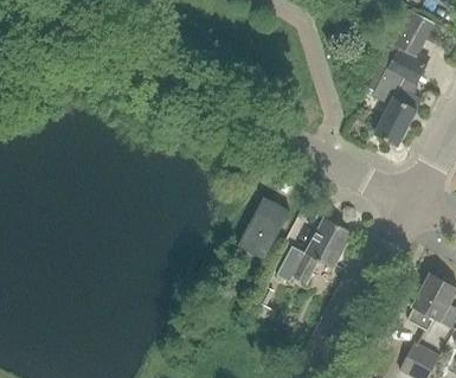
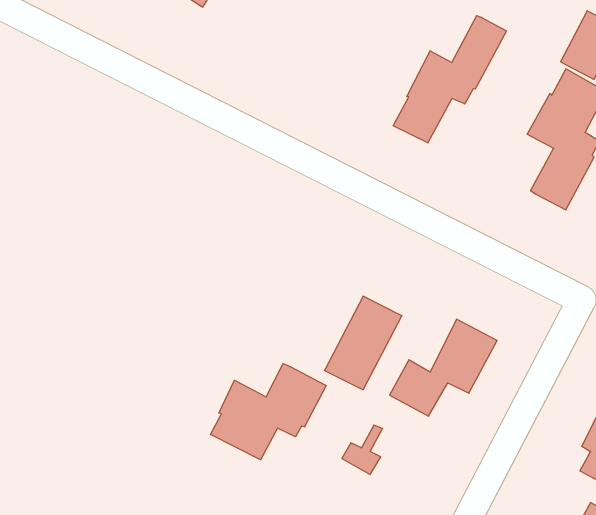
building: none -> [393,16,506,143]
building: none -> [211,364,326,460]

